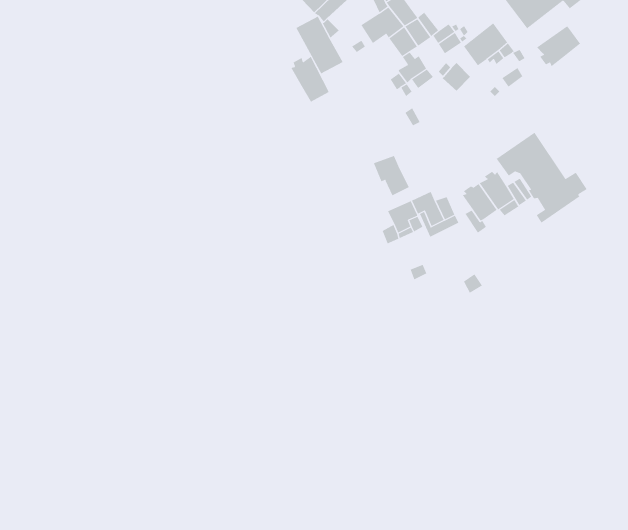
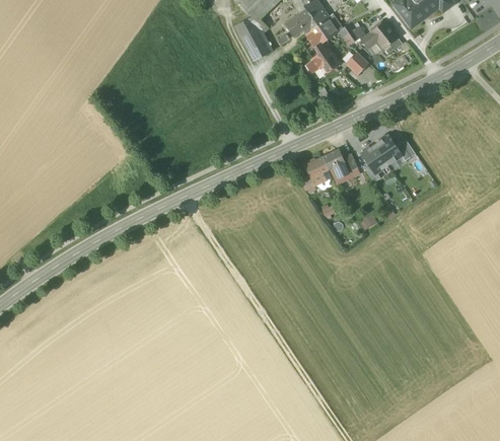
building: [536,26,581,67] -> none
building: [290,56,329,102] -> none
building: [496,132,587,224] -> none
building: [373,155,409,196] -> none

